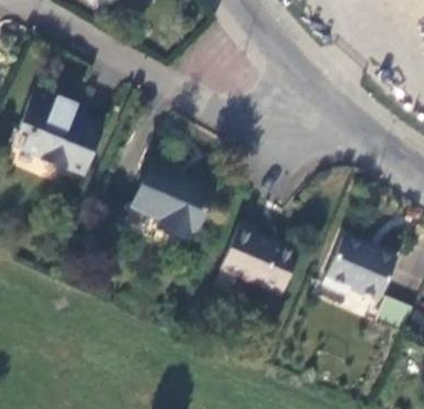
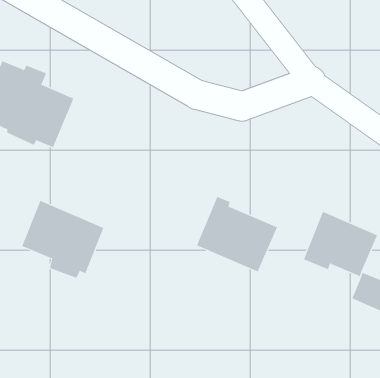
building: [134,162,214,237] -> [22,200,104,278]

